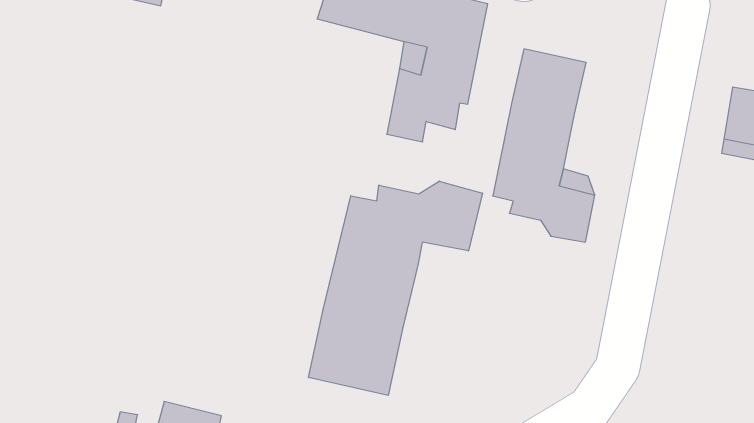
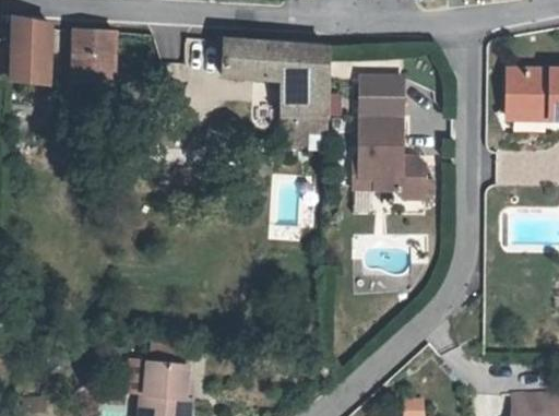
building: [309,181,482,395] -> none

